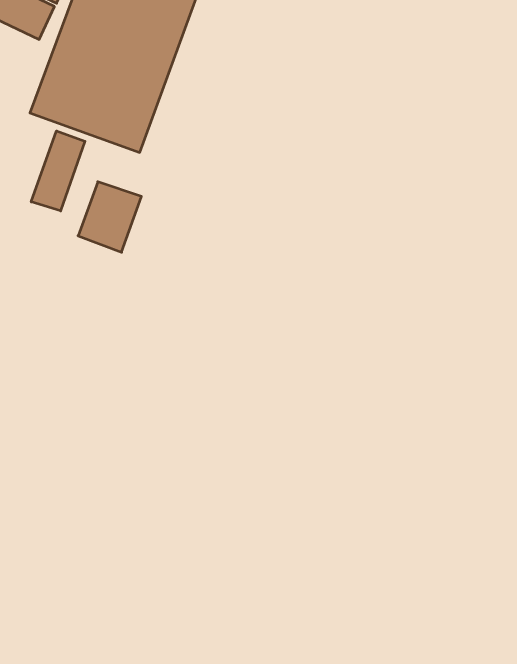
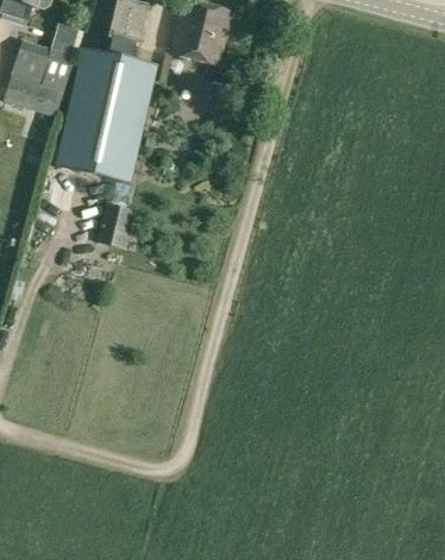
building: [31,131,85,211] -> none

